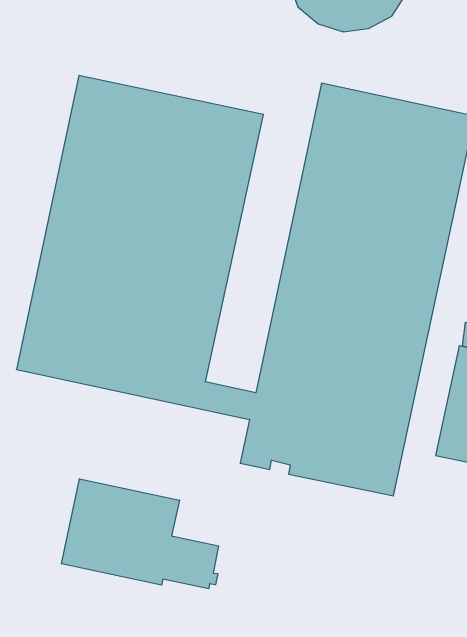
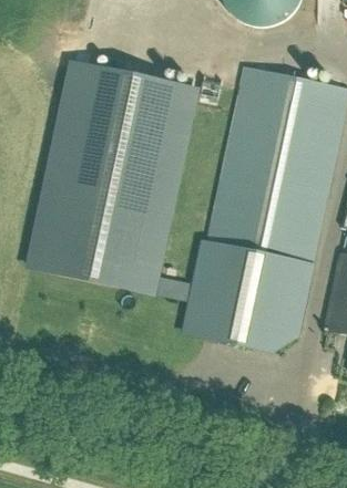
building: [61,479,219,589] -> none

